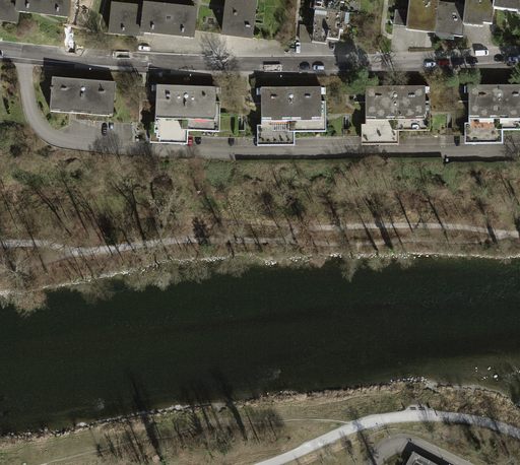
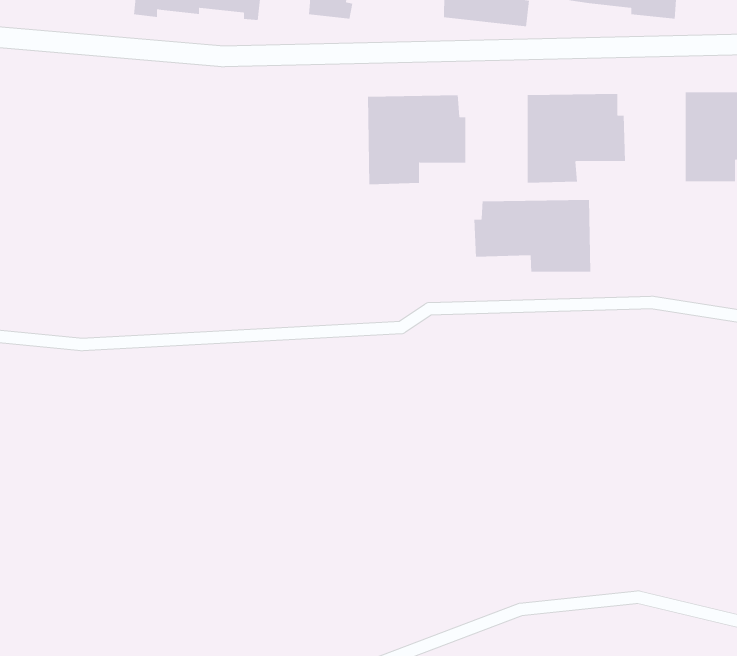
building: [51,76,115,110] -> none
building: [154,83,220,142] -> none
building: none -> [474,199,591,273]

